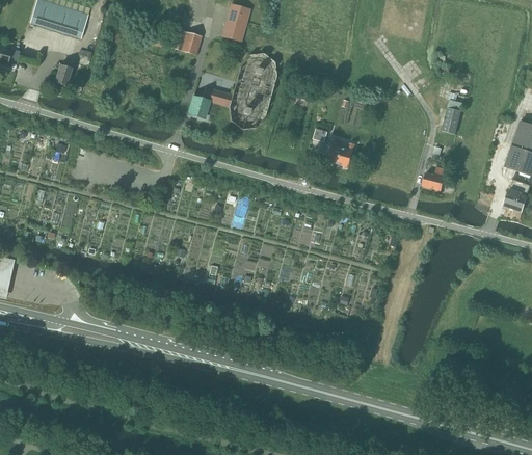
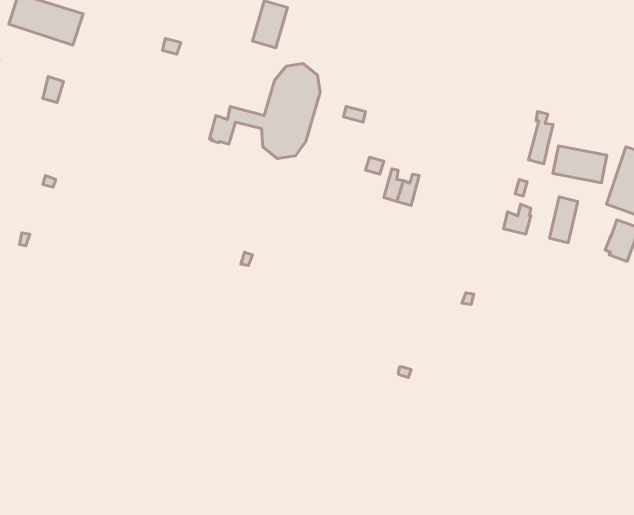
building: [171,30,200,54] -> none
building: none -> [553,146,607,183]
building: none -> [550,197,578,243]

